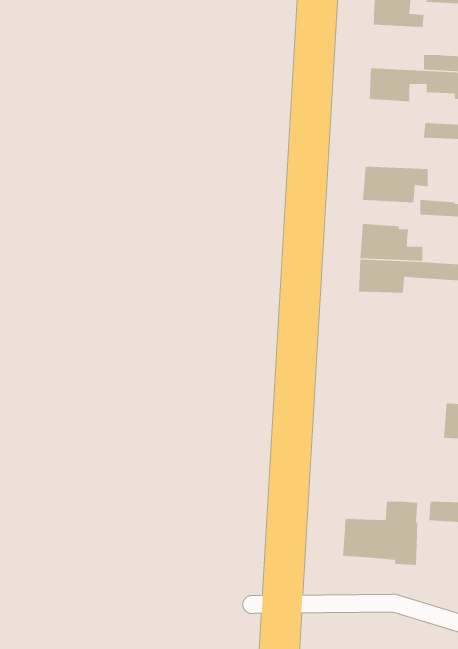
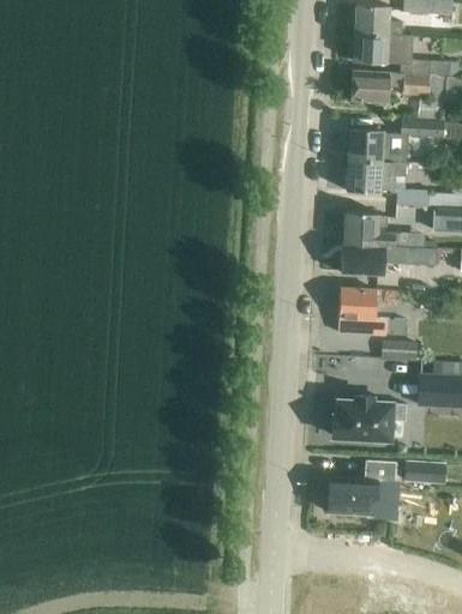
building: none -> [353,32,412,64]
building: none -> [348,128,407,162]
building: none -> [338,288,408,336]
building: none -> [382,341,418,362]
building: none -> [332,397,406,439]

